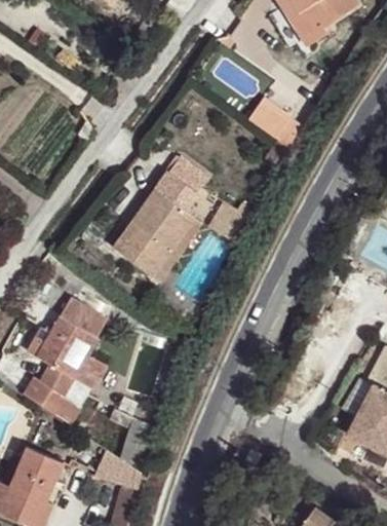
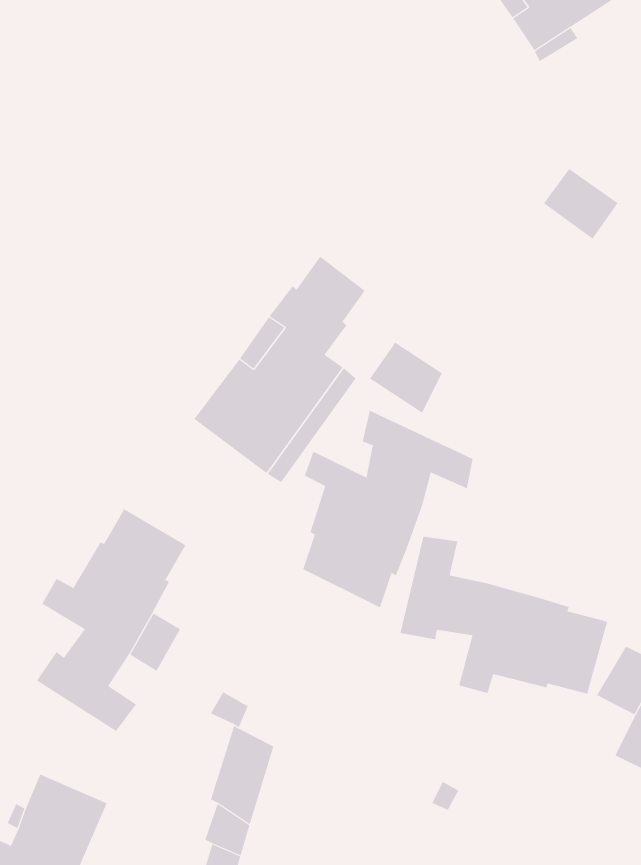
building: [246,100,288,140] -> [543,168,618,240]
building: none -> [302,410,473,608]
building: none -> [400,536,608,695]

